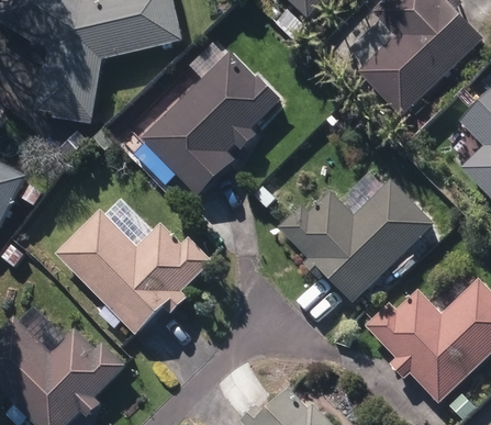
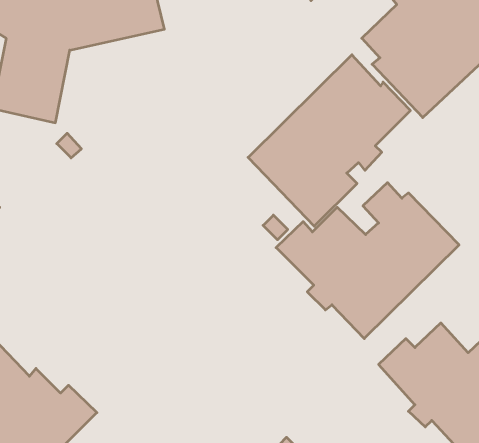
building: [142,52,279,197] -> [248,55,410,226]
building: [55,198,212,334] -> none

